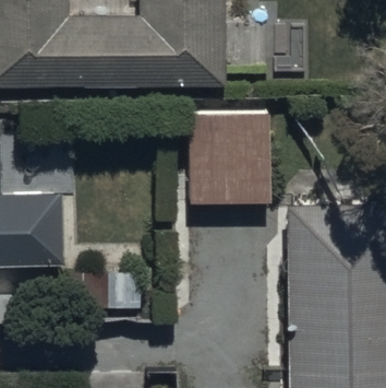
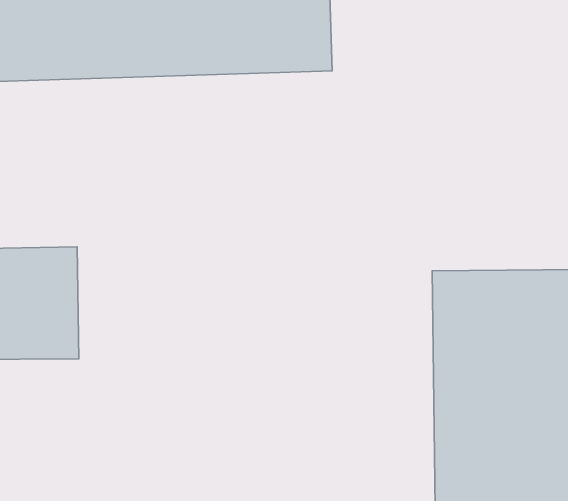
building: [188,113,268,208] -> none

